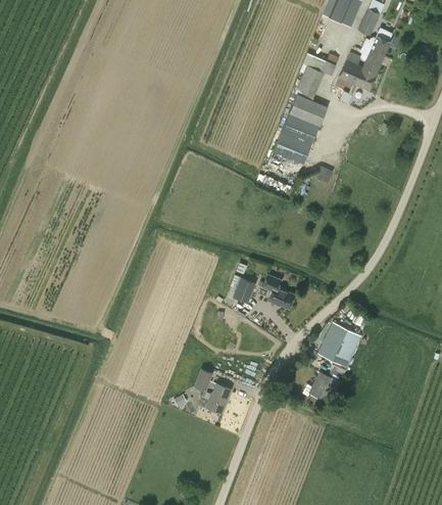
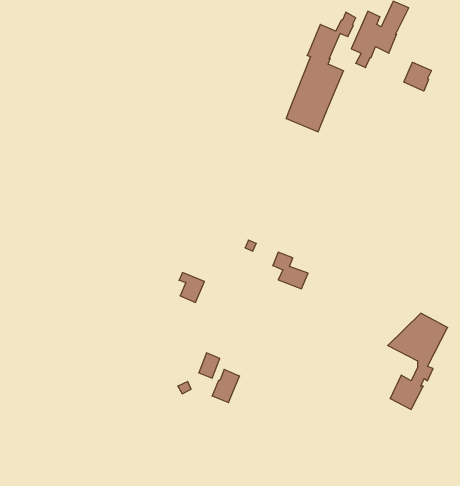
building: none -> [404,62,431,91]
building: [232,276,255,304] -> [179,273,204,302]
building: [306,314,361,403] -> [388,313,448,409]

